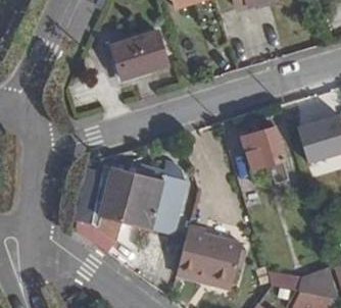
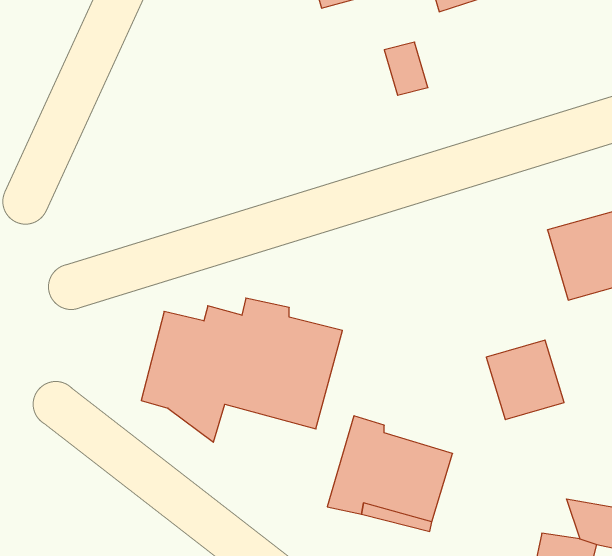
building: [111,31,168,80] -> none
building: [241,124,283,167] -> [486,340,564,420]

